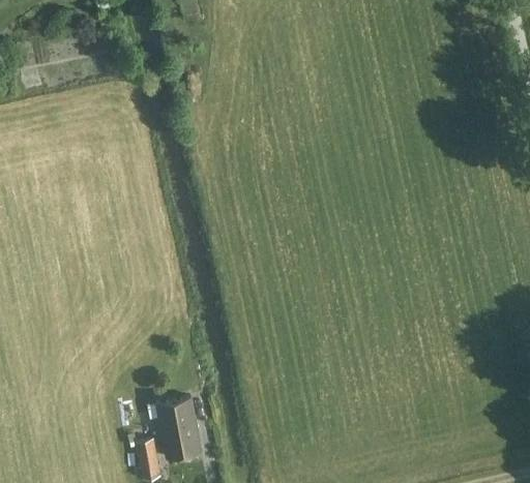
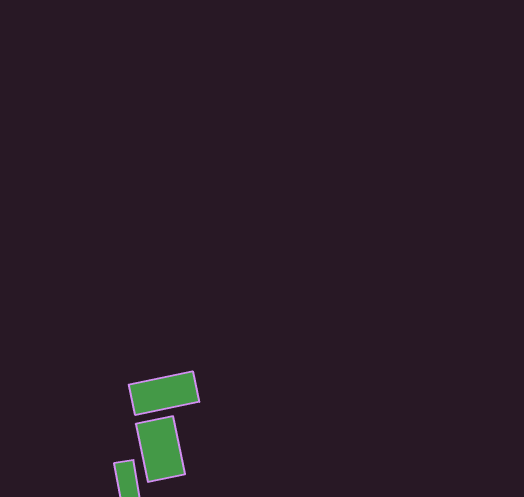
building: none -> [129,371,199,415]

